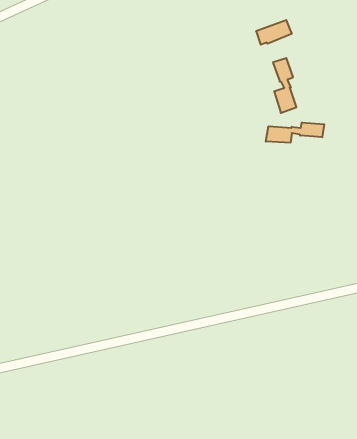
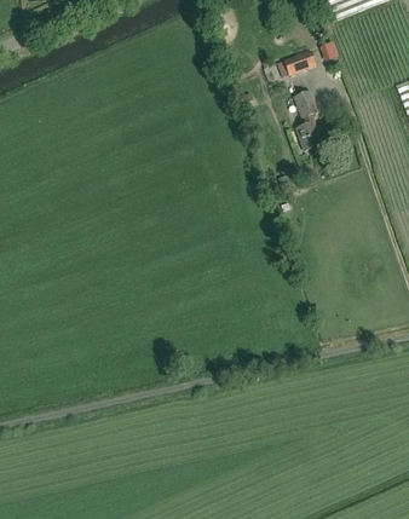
building: [266,122,324,143] -> none

